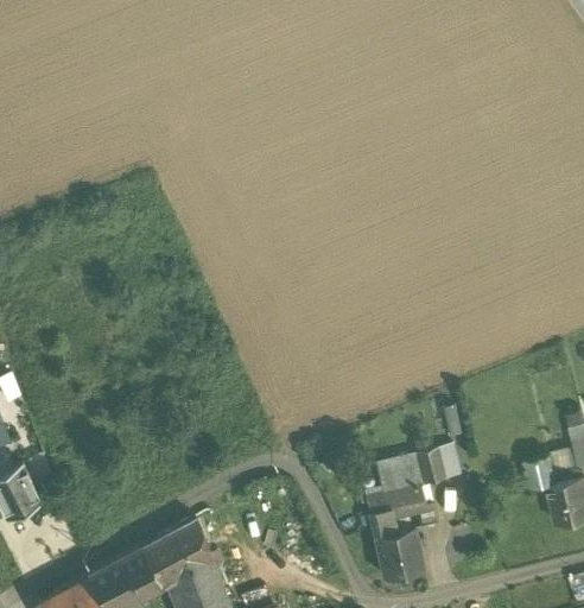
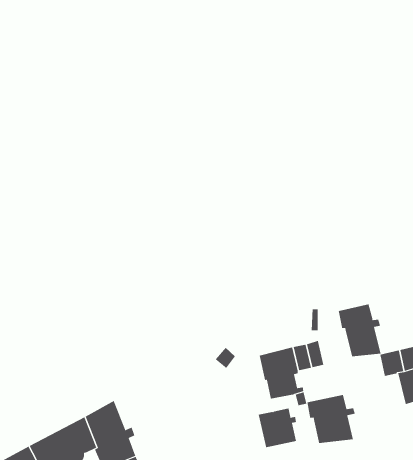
building: none -> [338,303,381,357]
building: [367,494,395,537] -> none
building: none -> [307,394,355,444]

